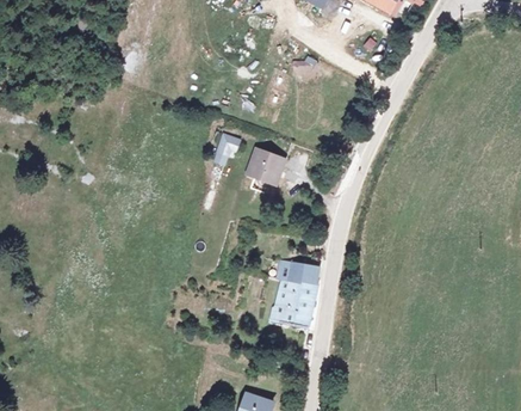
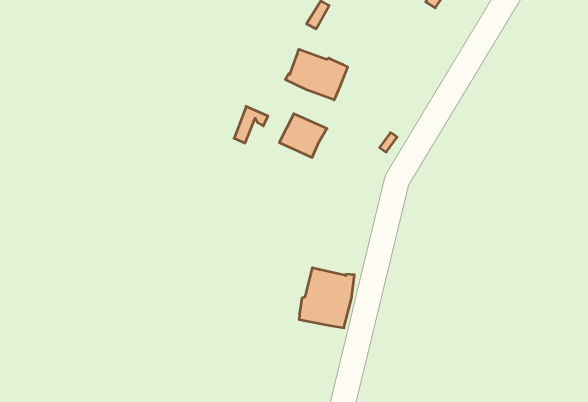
building: none -> [285,49,348,100]
building: [277,259,314,281] -> none

